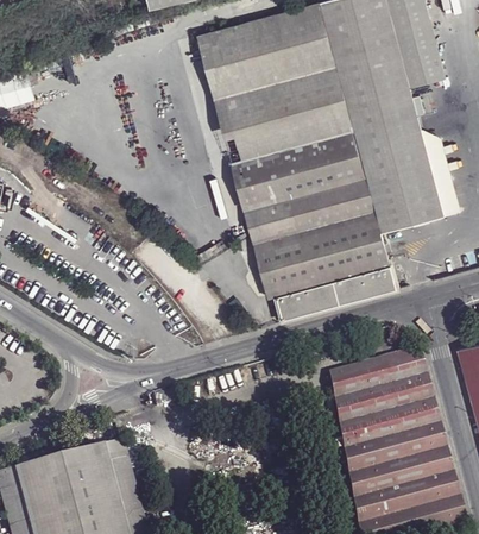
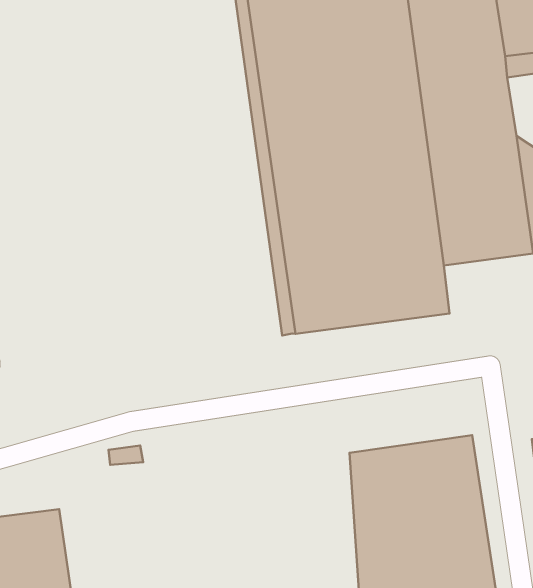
building: [275,263,396,318] -> none

